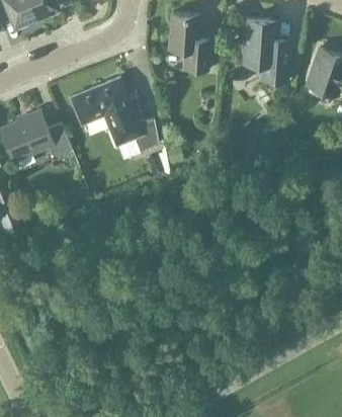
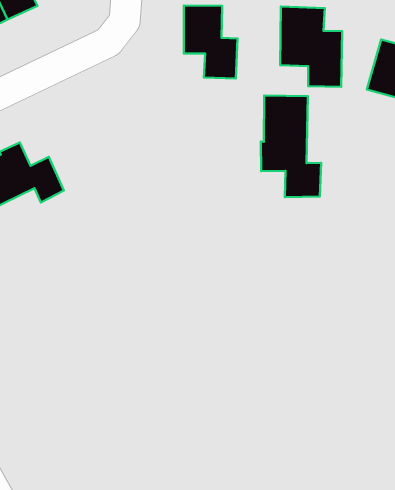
building: [71,79,159,153] -> none
building: none -> [261,96,321,197]

